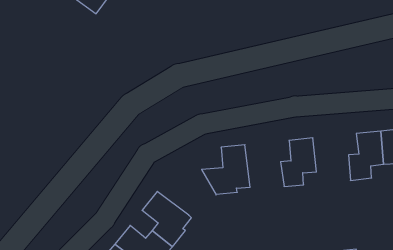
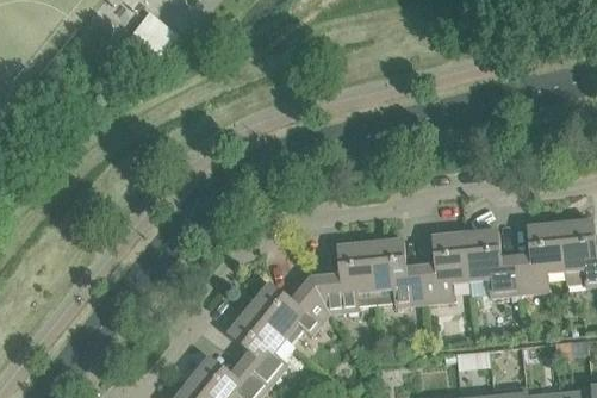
building: none -> [464,229,516,294]
building: none -> [368,238,423,304]
building: none -> [245,276,328,341]

